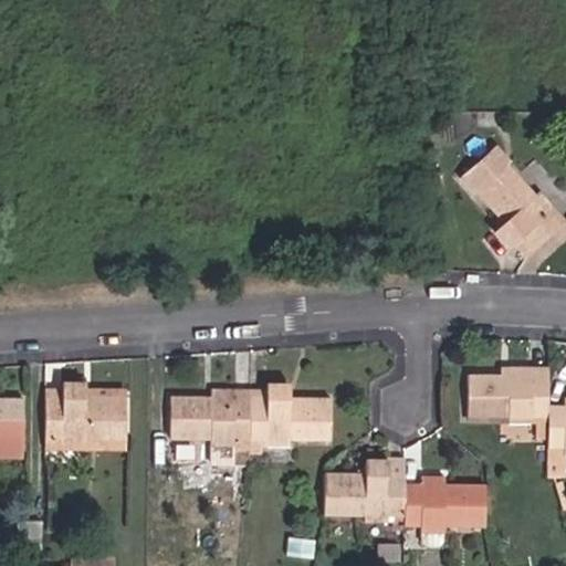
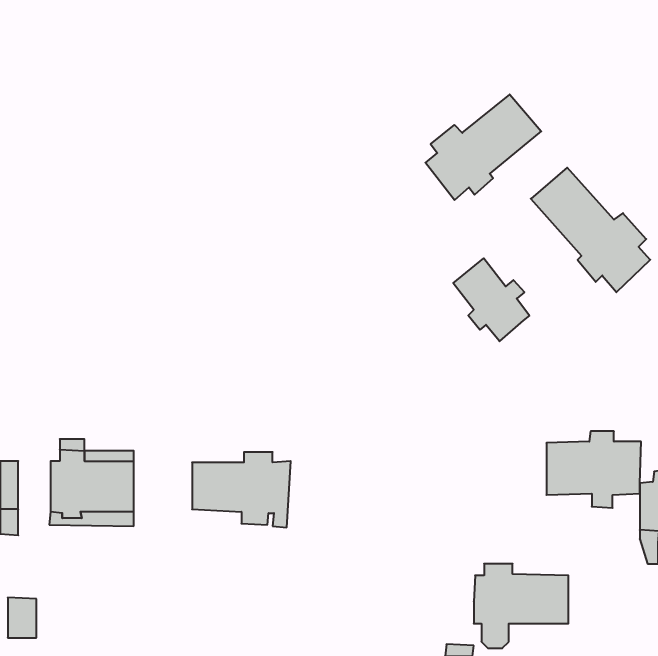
building: none -> [425,94,541,200]
building: none -> [453,258,529,341]
building: [249,385,328,450] -> none
building: [327,460,410,535] -> none

